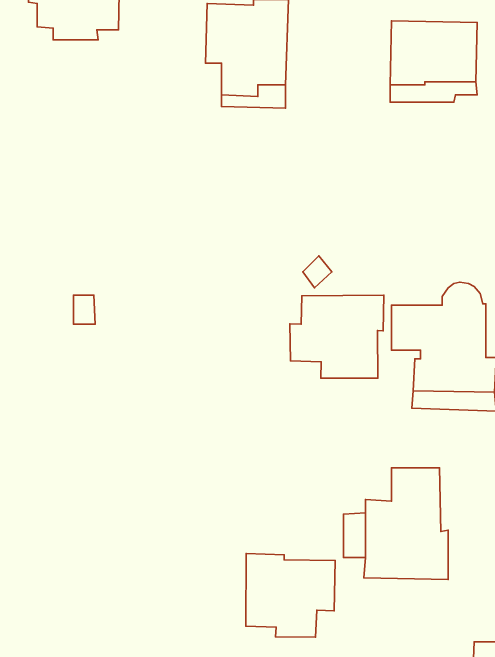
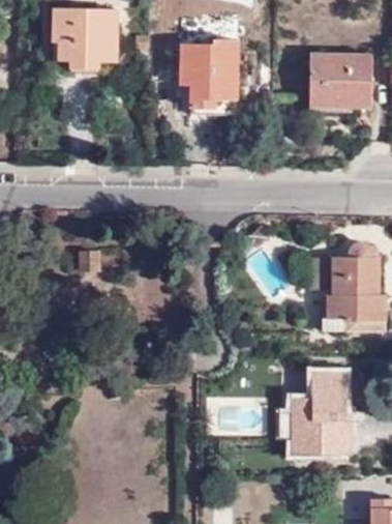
building: [290,295,384,378] -> none
building: [246,554,335,637] -> none

